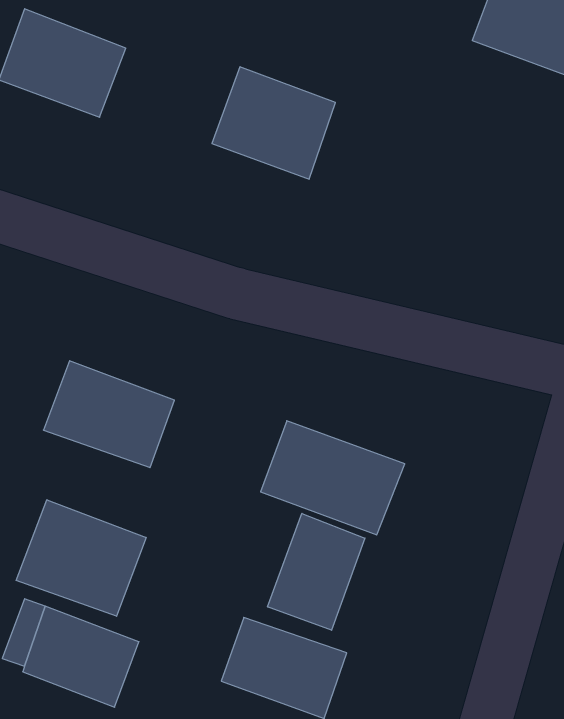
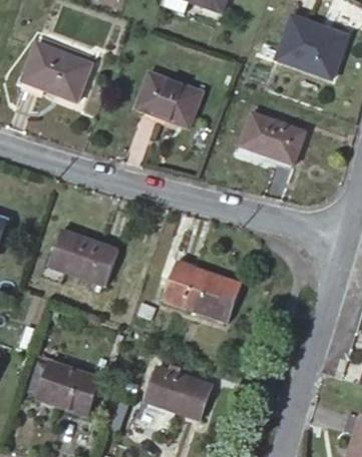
building: none -> [240,110,306,163]
building: [16,500,146,616] -> none
building: [268,513,365,630] -> none

